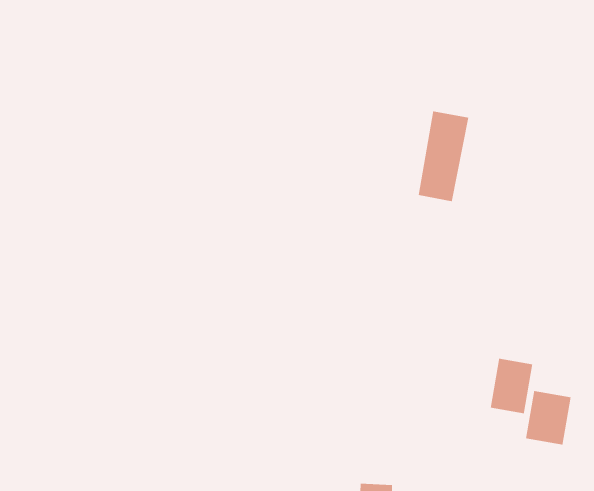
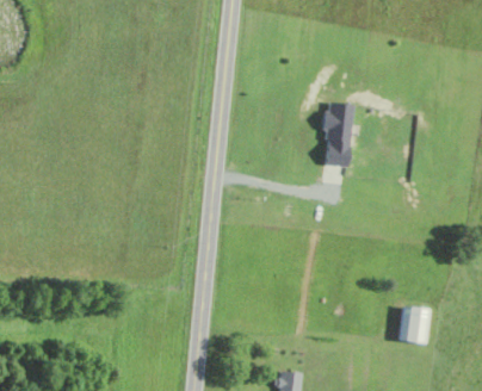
building: [490,358,533,414] -> none

